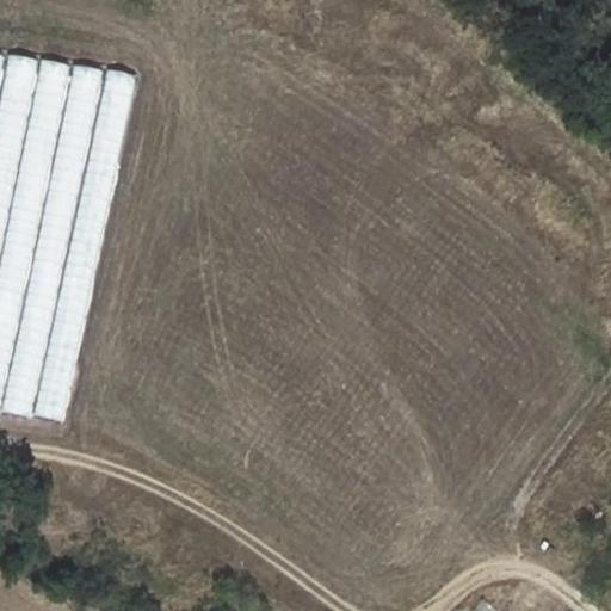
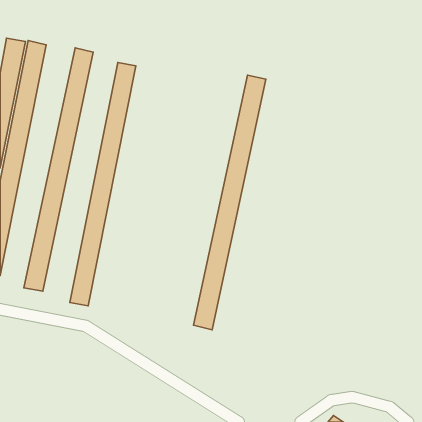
building: [6,66,101,416] -> [70,63,136,306]
building: none -> [193,75,266,330]

